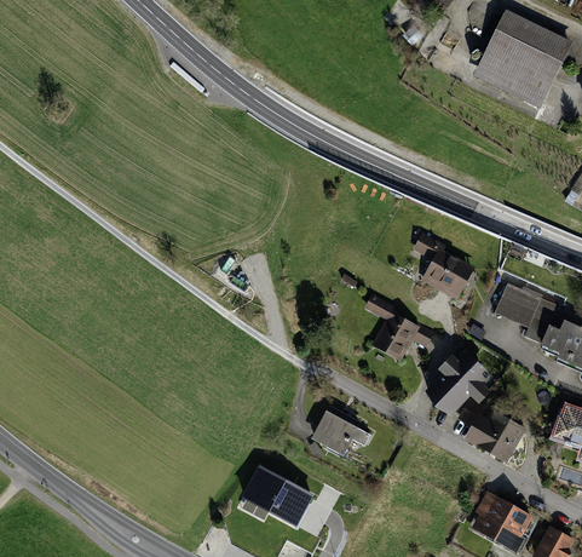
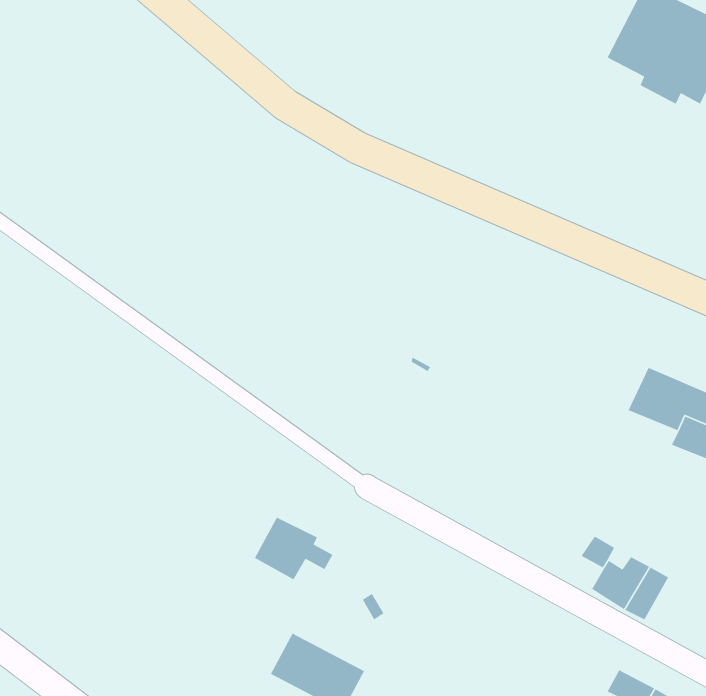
building: [416,234,467,297] -> none
building: [374,308,433,357] -> none
building: [431,354,486,408] -> none
building: [313,407,369,452] -> [254,516,334,581]

